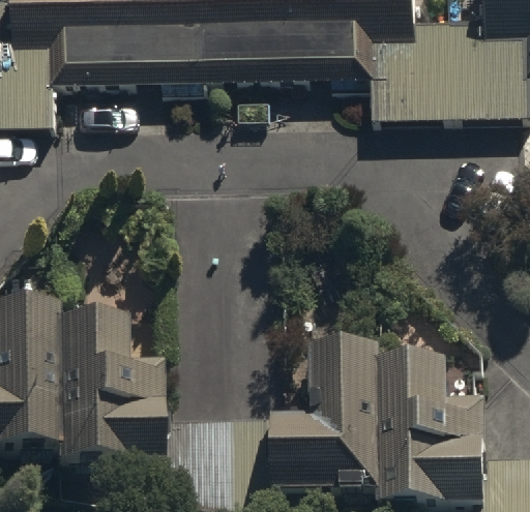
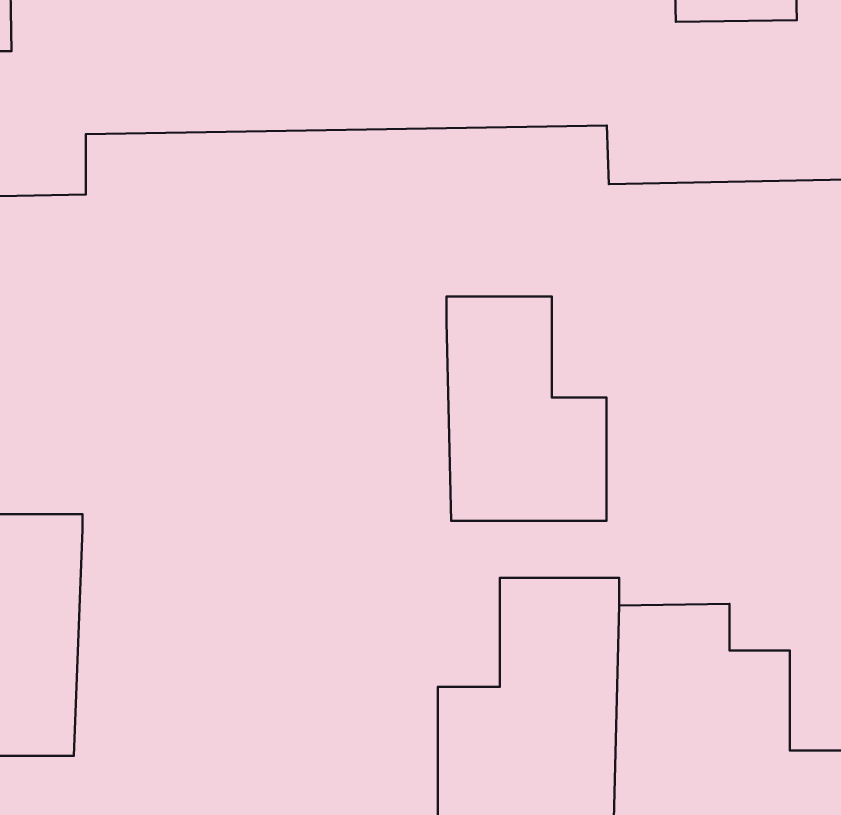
building: none -> [447,296,607,521]
building: [52,330,160,480] -> none

